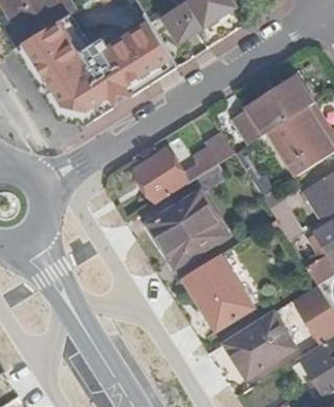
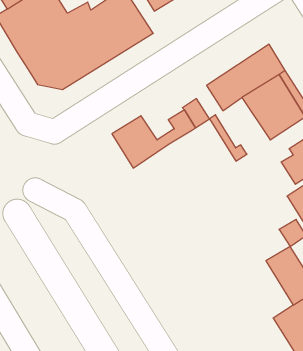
building: [147,164,229,268] -> none
building: [183,254,253,331] -> none
building: [223,312,296,378] -> none

